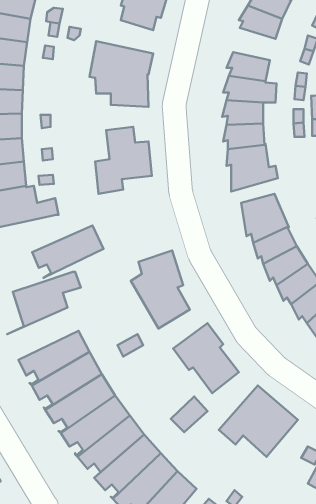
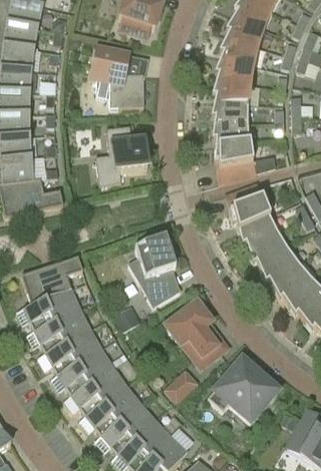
building: none -> [220,36,259,65]
building: [32,225,104,278] -> [17,288,81,335]

